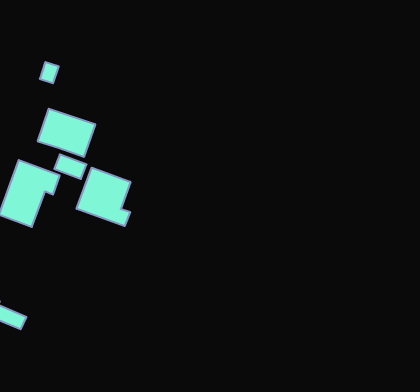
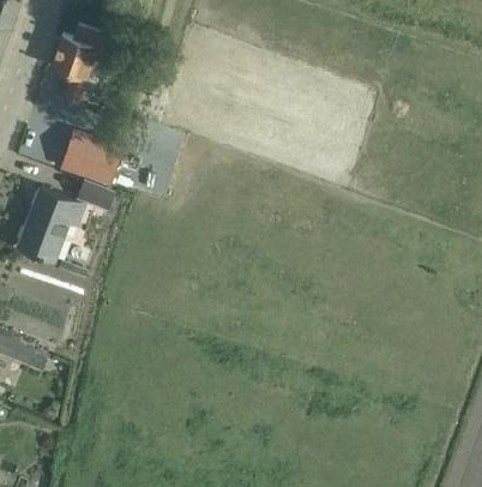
building: none -> [50,26,110,79]
building: [77,168,130,226] -> none

